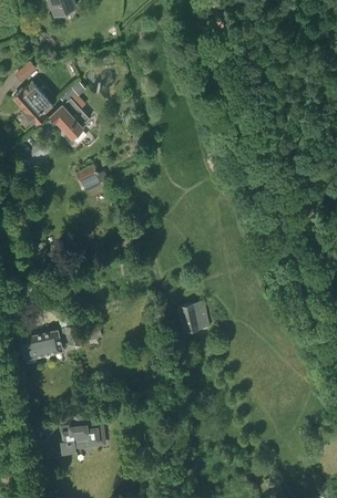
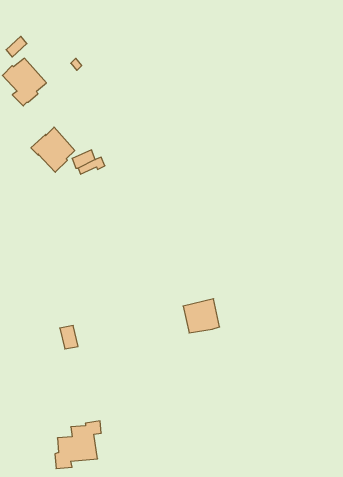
building: [49,97,89,138] -> [31,127,75,172]
building: [20,330,62,364] -> none

